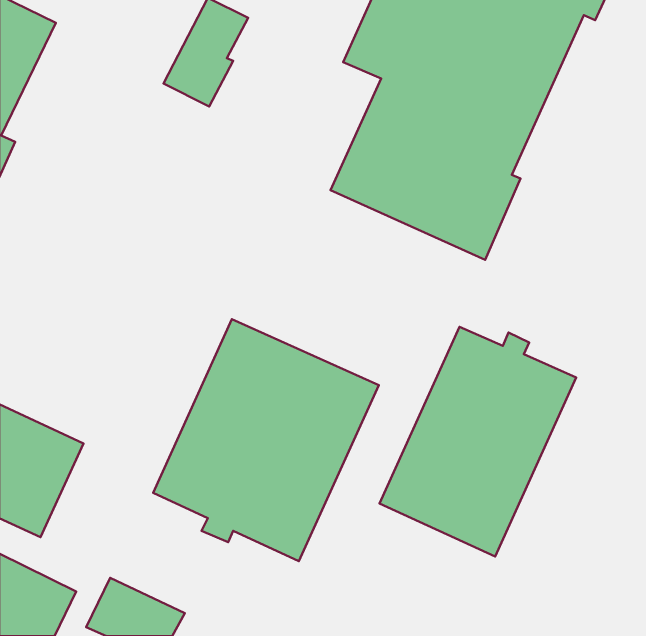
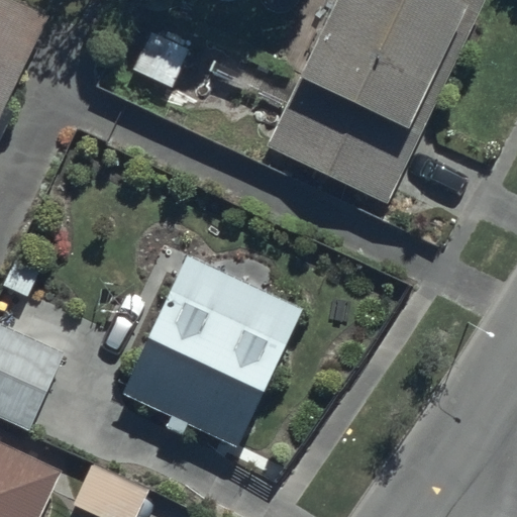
building: [379,327,576,557] -> none

